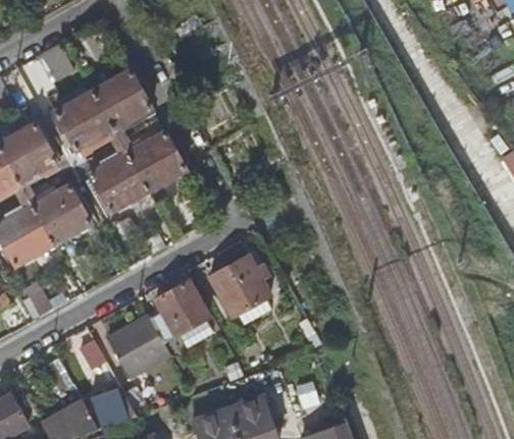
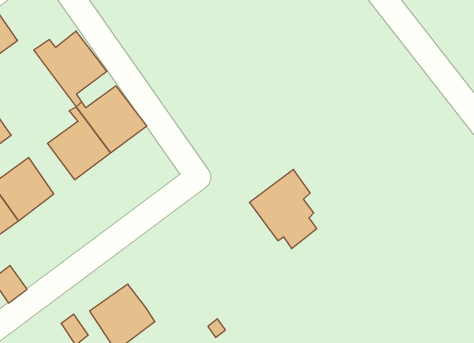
building: [55,93,120,151] -> none
building: [208,251,269,326] -> [249,169,317,249]
building: [149,281,213,346] -> none

